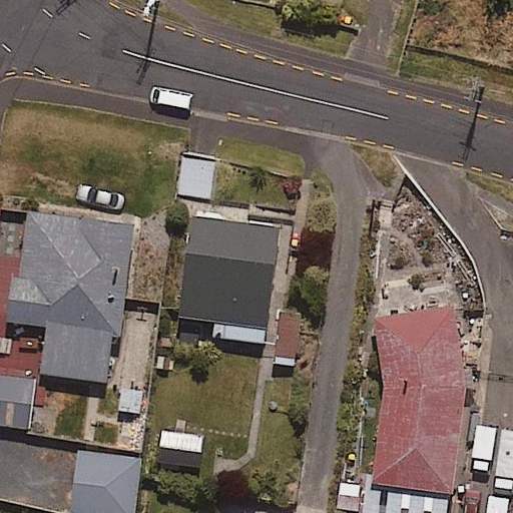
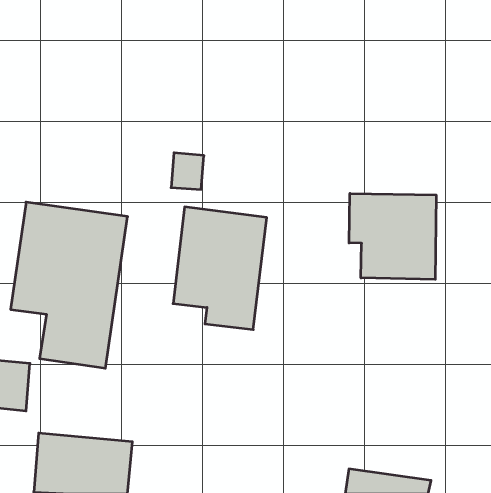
building: none -> [349,193,436,279]
building: [377,313,459,488] -> none

